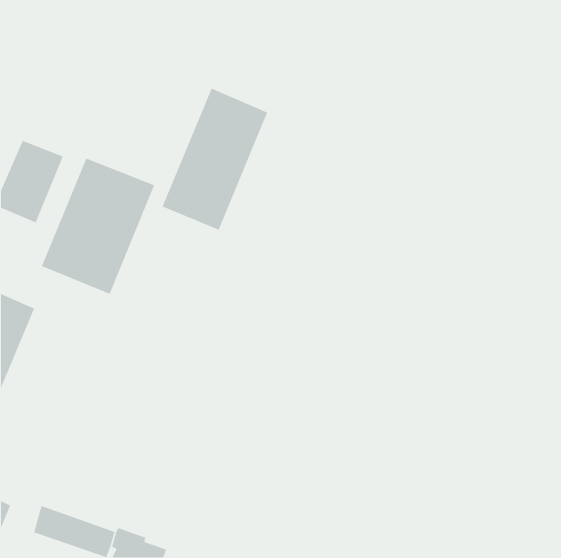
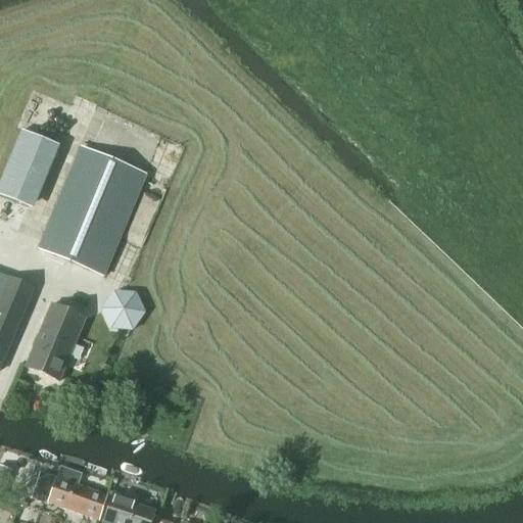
building: [162,87,268,231] -> none
building: none -> [104,290,144,328]
building: none -> [26,303,86,380]

